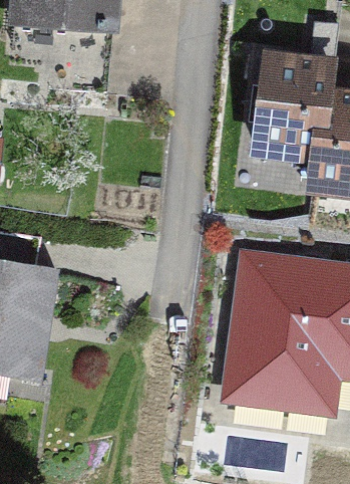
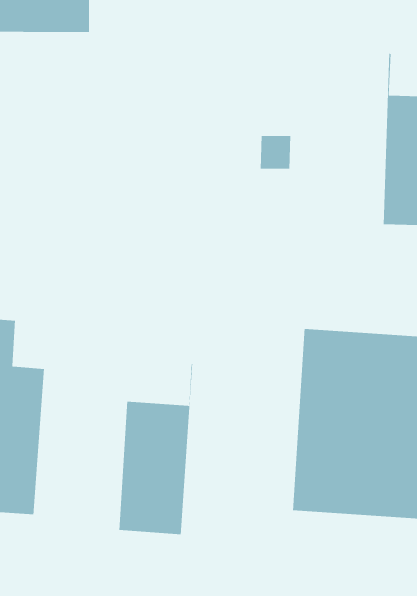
building: [254,57,325,190] -> none
building: none -> [119,363,193,535]

